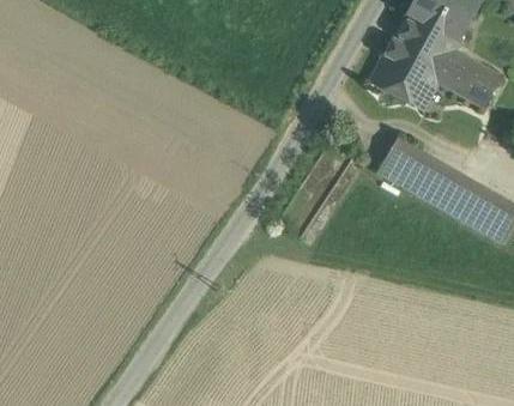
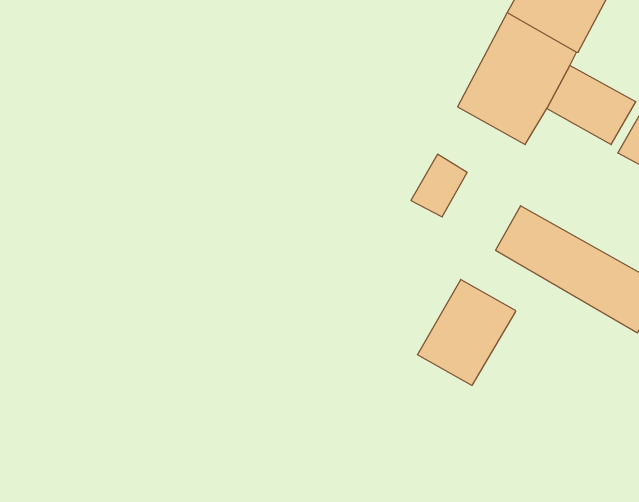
building: [379,138,419,183] -> [411,154,467,217]
building: none -> [417,279,516,385]

